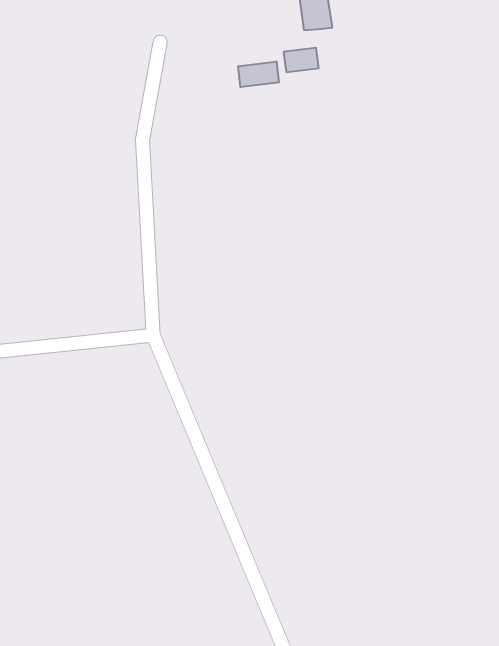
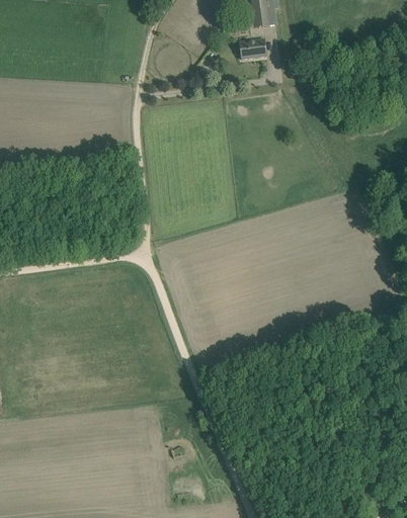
building: [238,61,279,87] -> none

